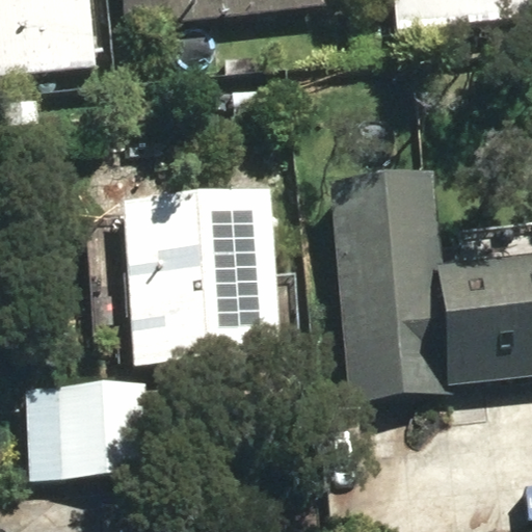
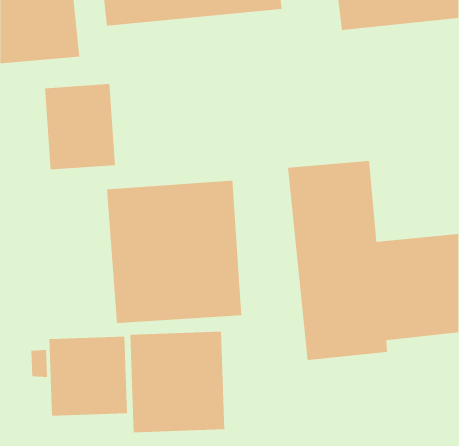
building: none -> [44,83,116,170]
building: none -> [130,331,225,433]

